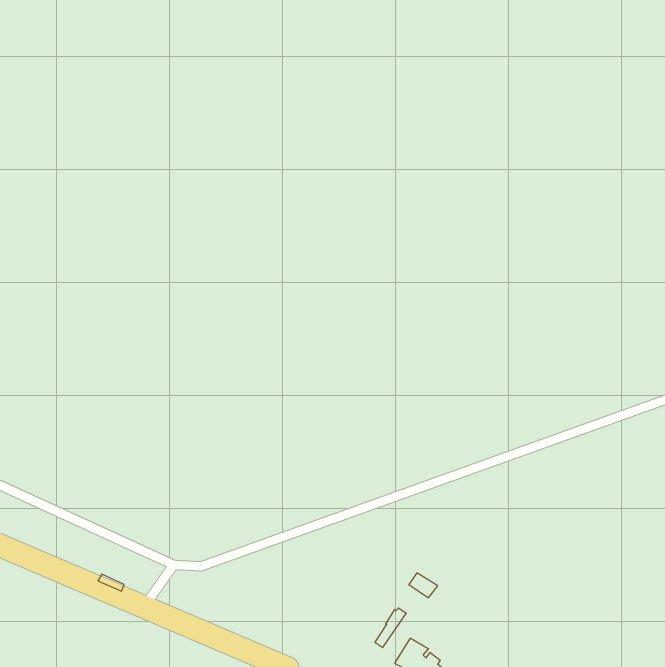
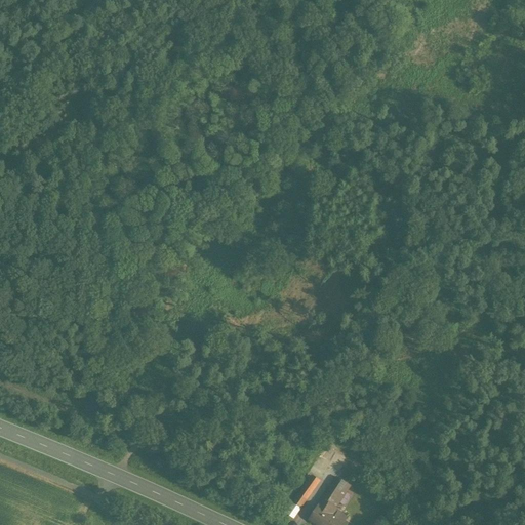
building: none -> [324,478,352,509]

